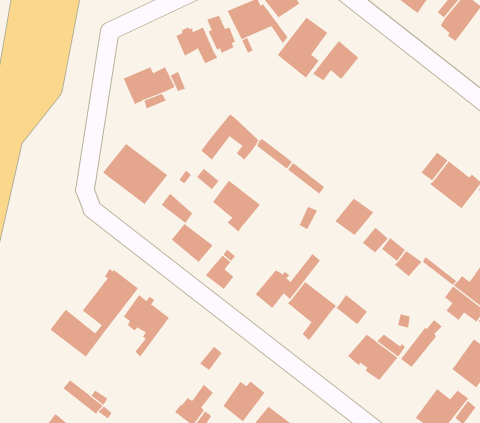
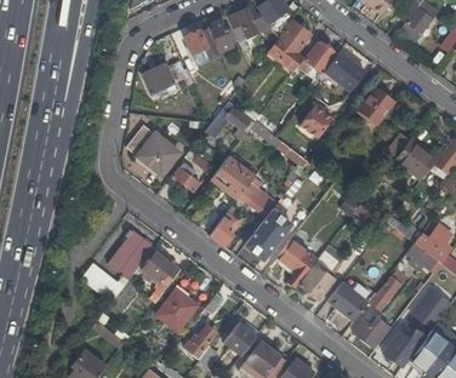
building: none -> [324,51,364,90]
building: none -> [359,87,394,124]
building: [334,198,374,236] -> [300,105,332,137]
building: [171,223,214,263] -> [239,182,274,214]
building: none -> [300,265,335,299]
building: none -> [155,291,196,331]
building: none -> [353,314,398,348]

